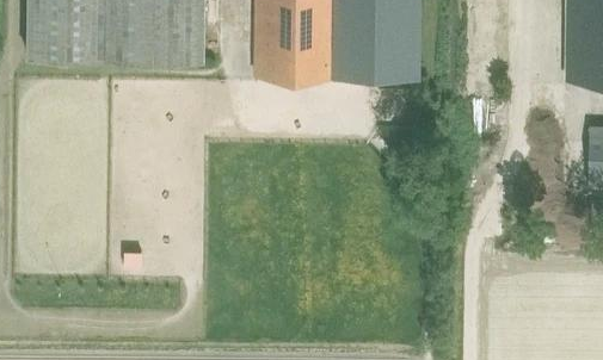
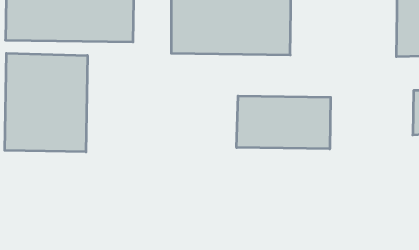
building: none -> [5,53,87,152]
building: none -> [237,96,331,149]

